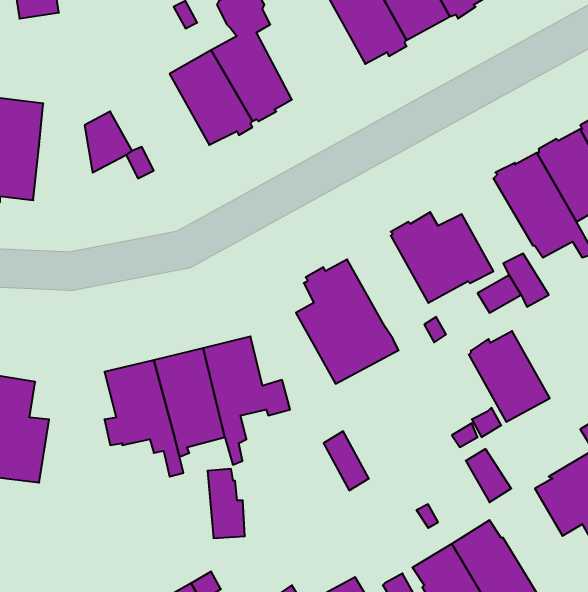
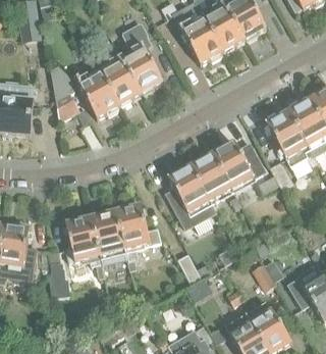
building: none -> [73,60,119,118]
building: [469,331,550,422] -> [191,153,232,200]
building: [207,469,245,538] -> [50,261,69,297]

